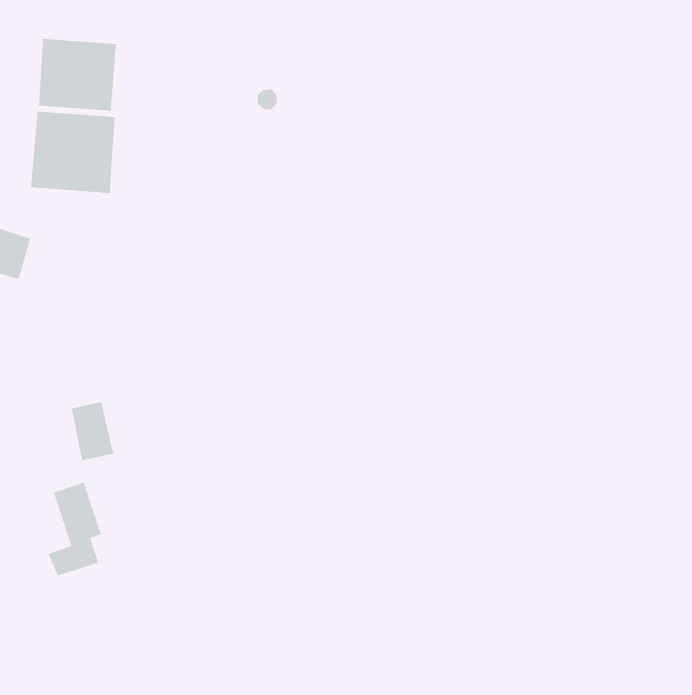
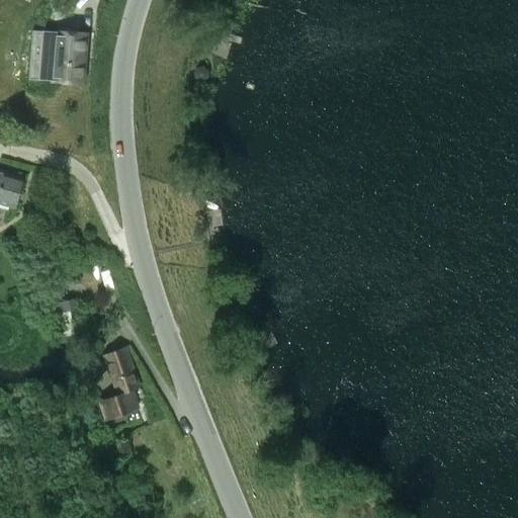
building: [30,111,116,194] -> none
building: [48,481,102,577] -> [99,347,140,418]

